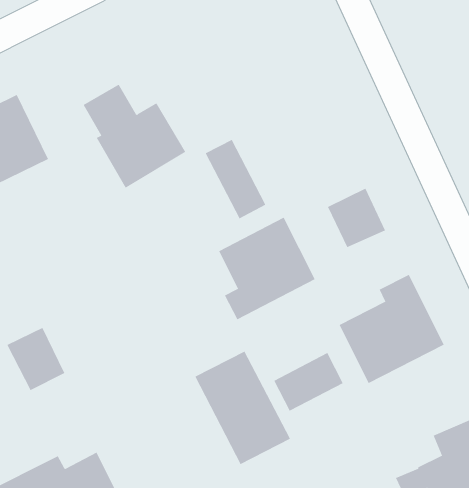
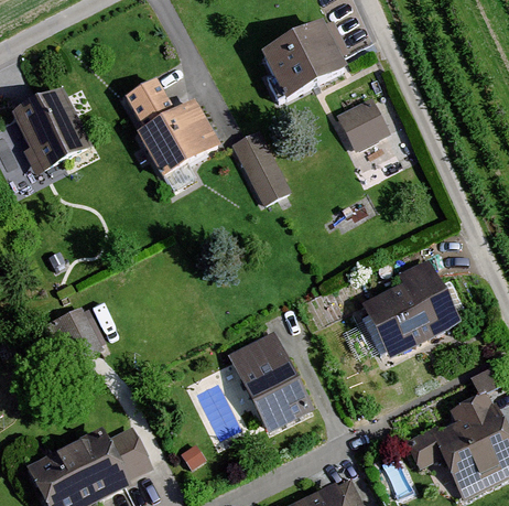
building: none -> [251,21,340,103]
building: [327,188,386,248] -> [336,95,391,151]
building: [218,217,316,320] -> none
building: [273,352,343,412] -> none

